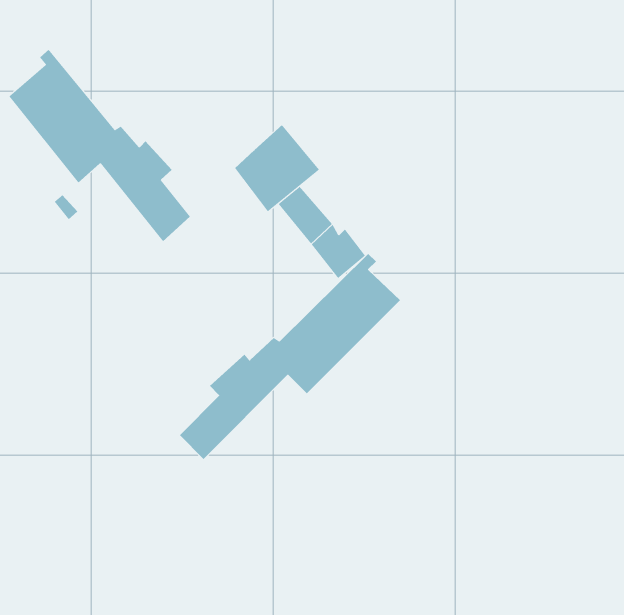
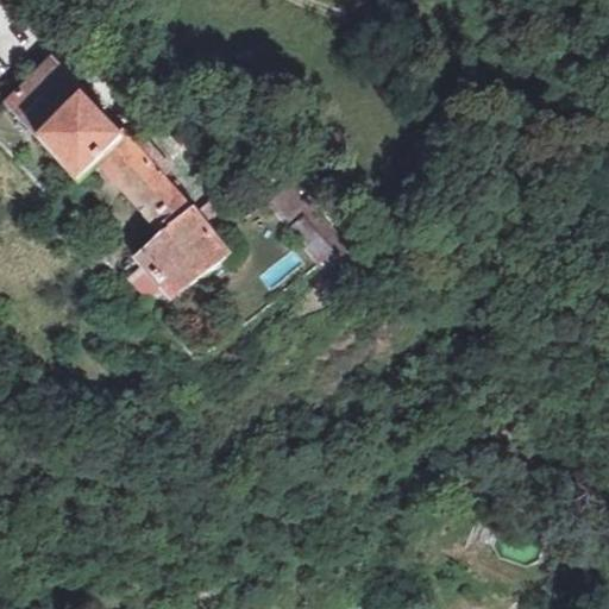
building: [234,124,320,212] -> [139,211,222,296]
building: [179,253,401,460] -> none

